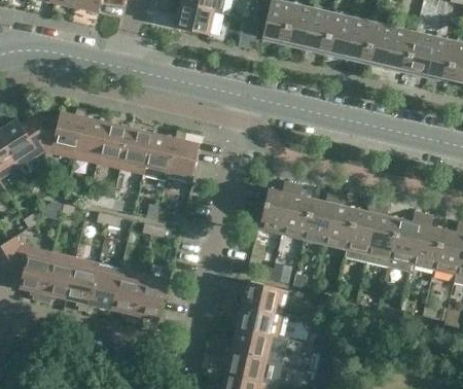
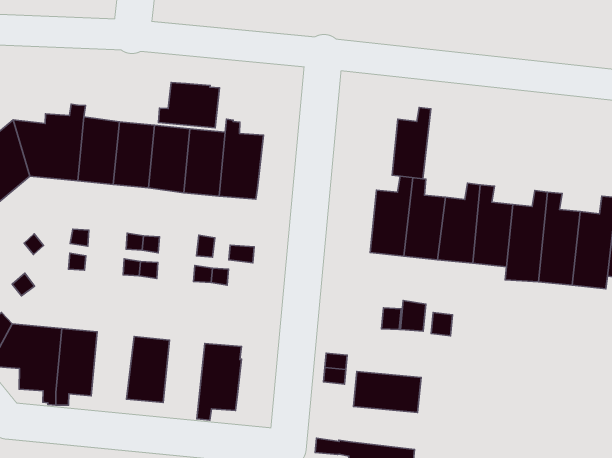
building: none -> [158,83,220,128]
building: none -> [392,107,431,179]
building: [67,257,100,312] -> none
building: [113,269,145,322] -> none
building: [242,281,288,314] -> none
building: [210,327,278,360] -> none

